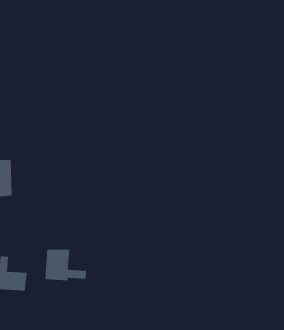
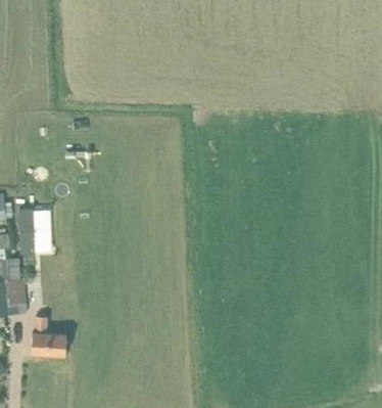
building: [45,249,86,281] -> none

